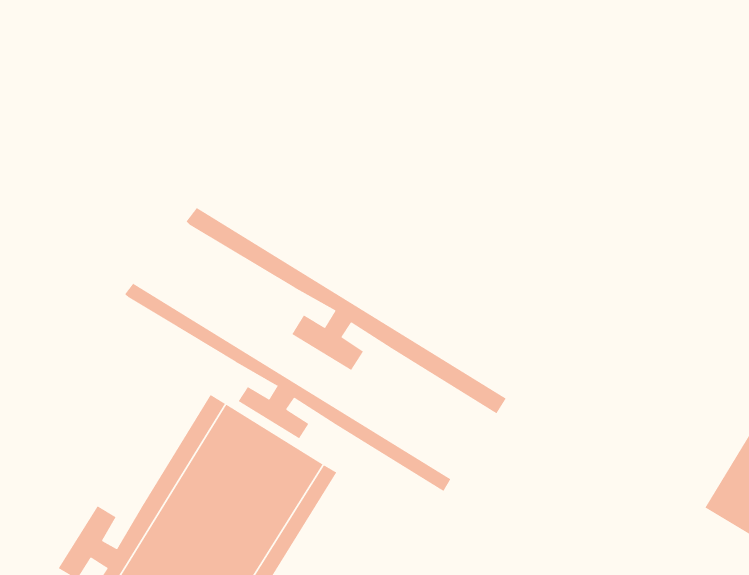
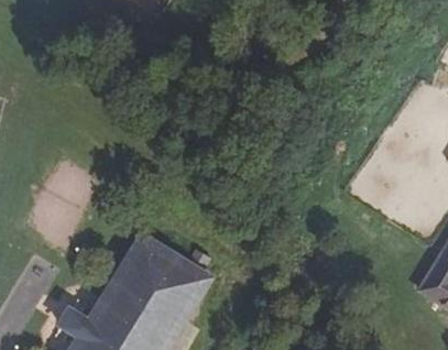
building: [186,207,506,414] -> none
building: [124,283,451,492] -> none

